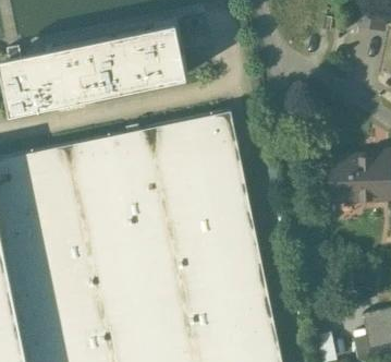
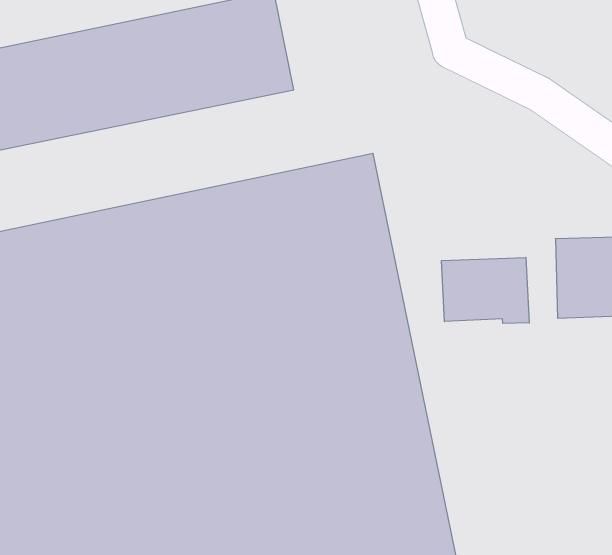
building: none -> [441,257,529,323]

